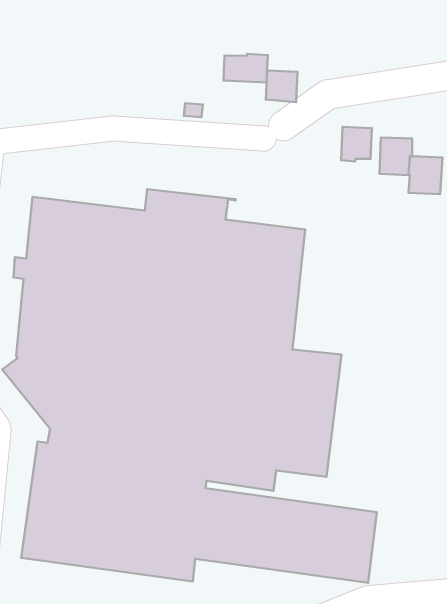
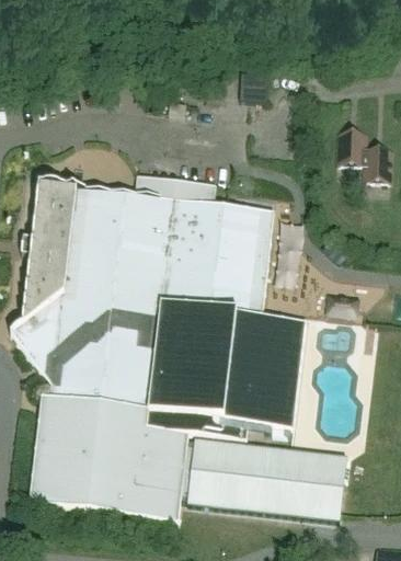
building: [224,54,268,83] -> none
building: [341,127,372,161] -> none

